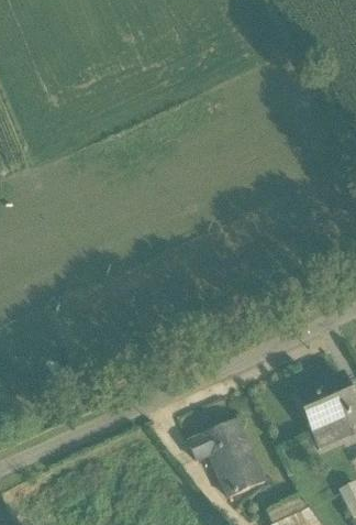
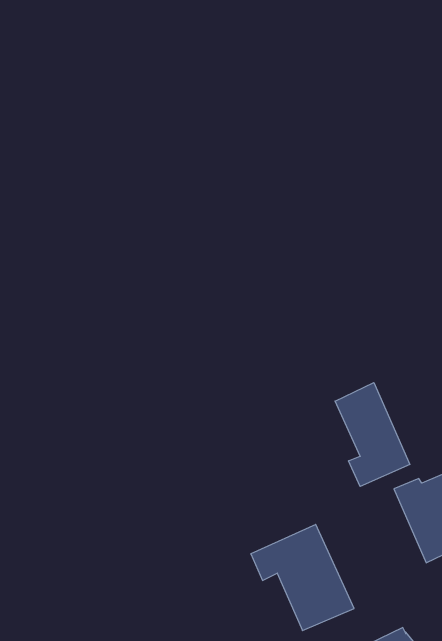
building: none -> [335,383,410,486]

